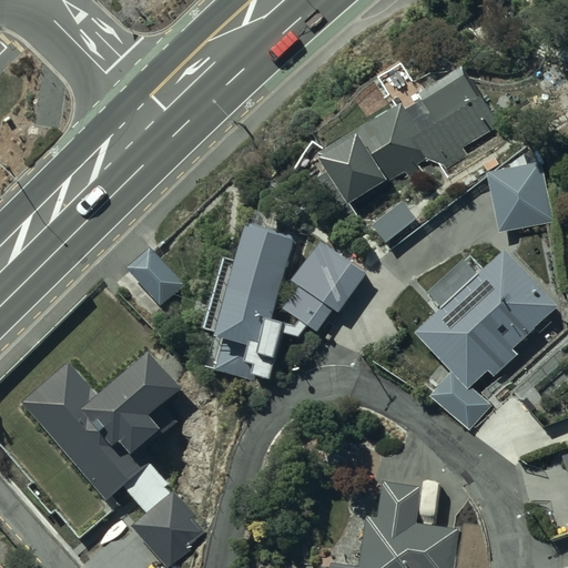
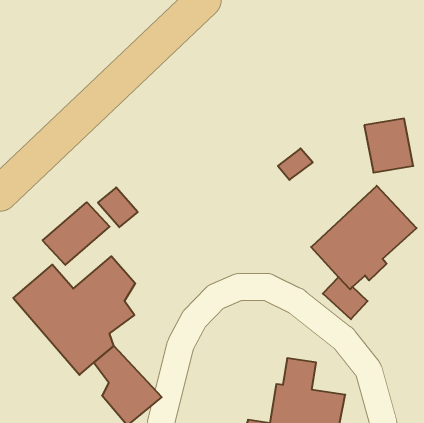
building: [314,64,500,205] -> none
building: [210,226,293,384] -> none
building: [282,241,366,333] -> none
building: none -> [43,202,110,265]

